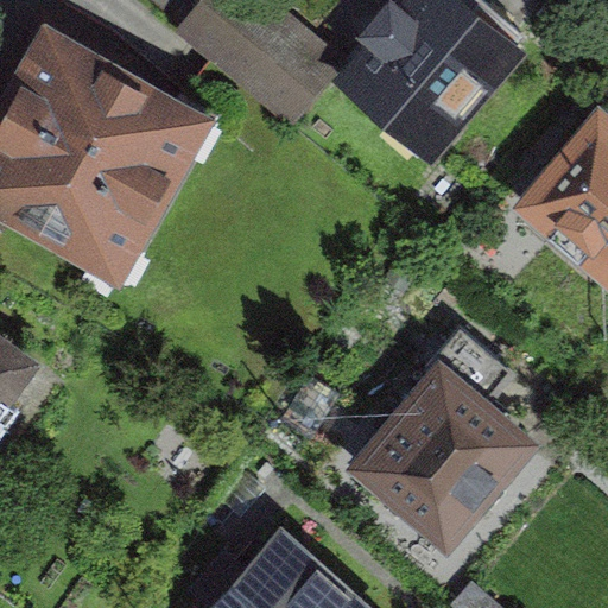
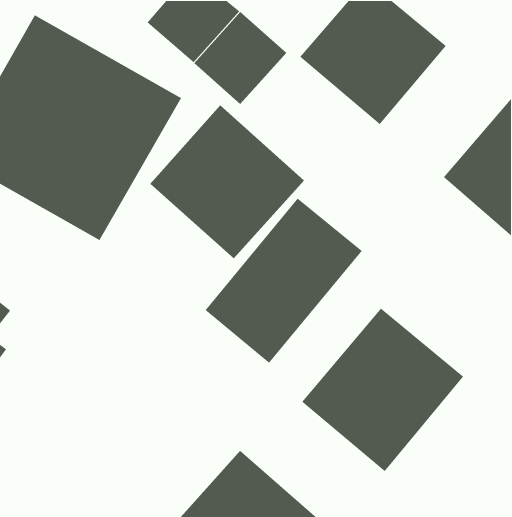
building: none -> [150,104,305,259]
building: none -> [205,198,363,364]

